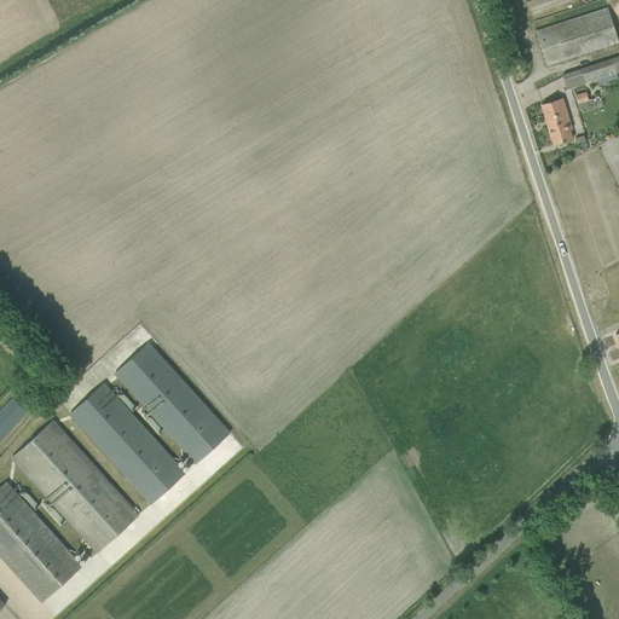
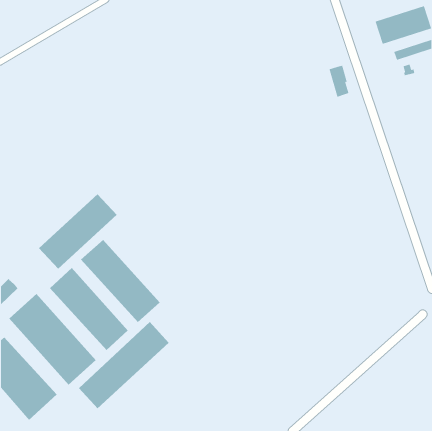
building: [542,97,572,144] -> [329,65,350,98]
building: none -> [38,194,118,269]
building: none -> [78,321,170,409]

